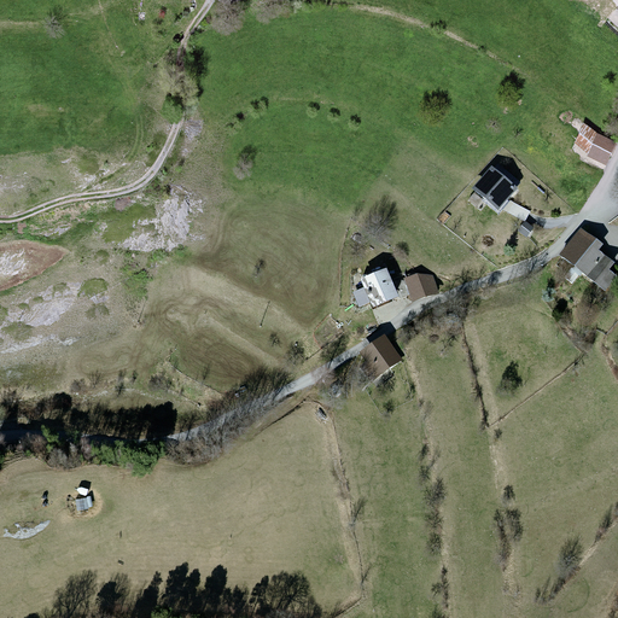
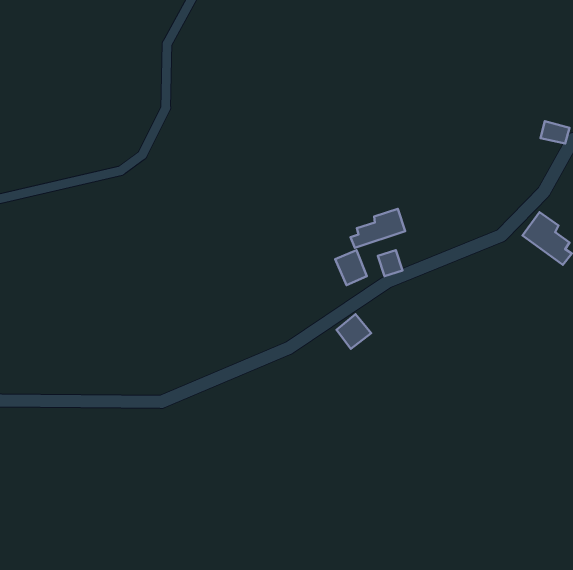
building: [477,170,514,206] -> none
building: none -> [350,209,405,248]

